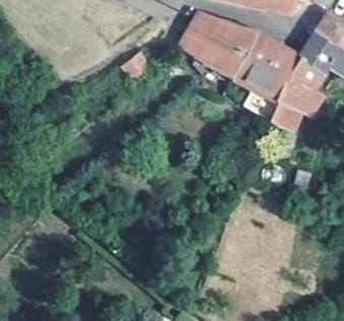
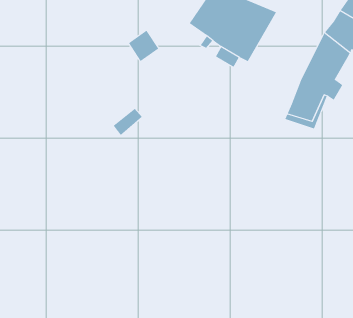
building: [232,34,301,118] -> none

